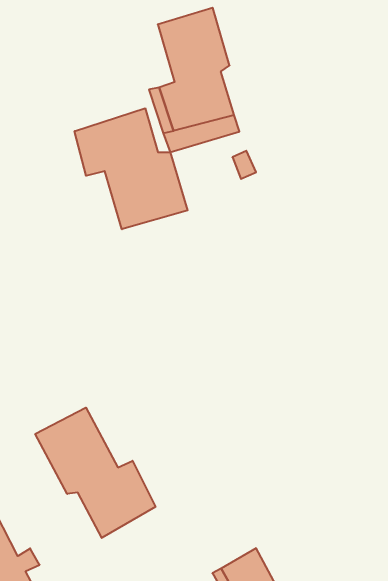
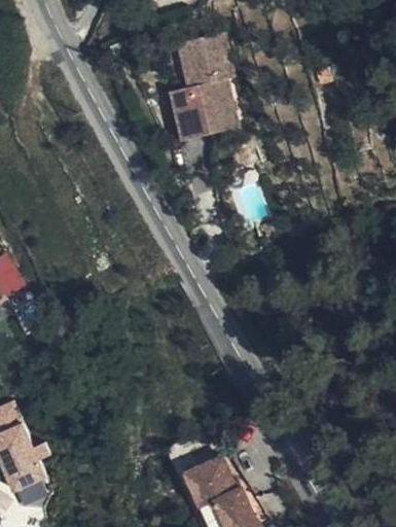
building: [75,108,188,229] -> none
building: [35,408,155,538] -> none

